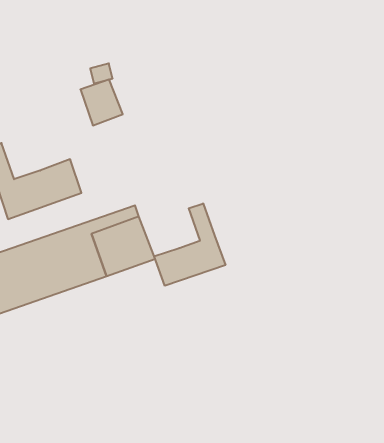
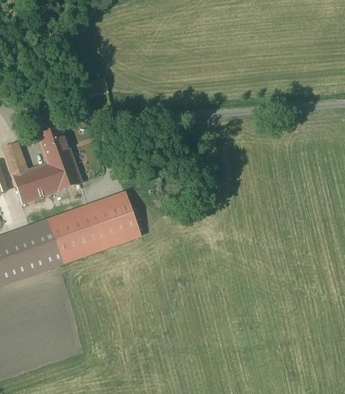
building: [80,79,123,125] -> [38,127,72,164]
building: [154,203,225,286] -> none

